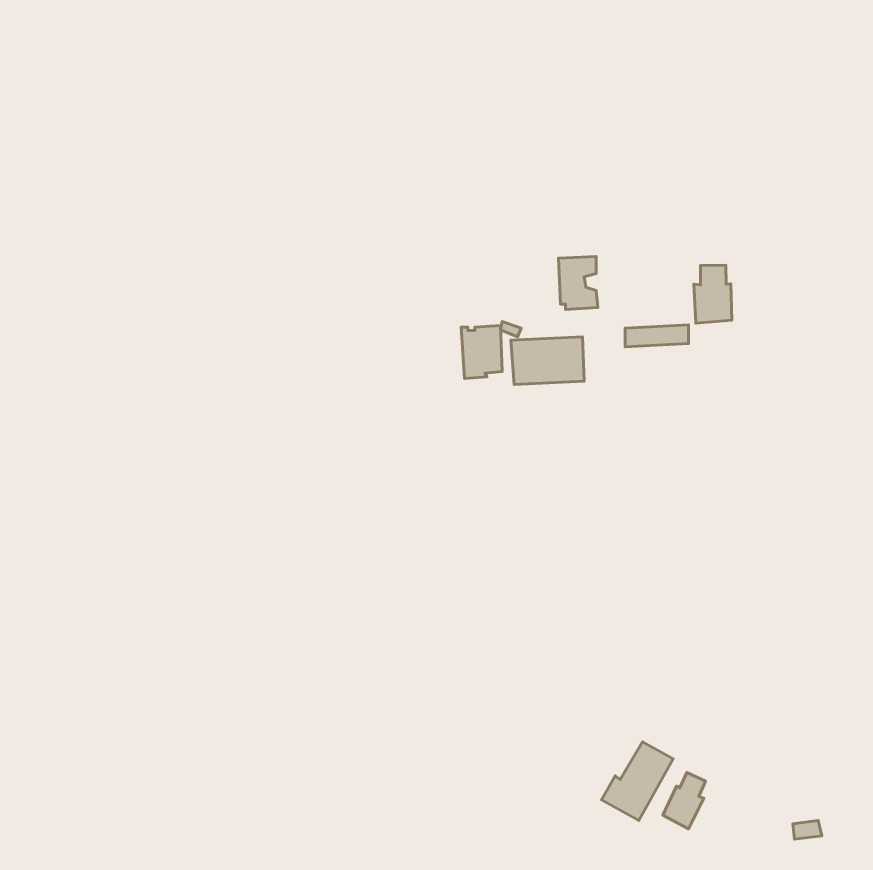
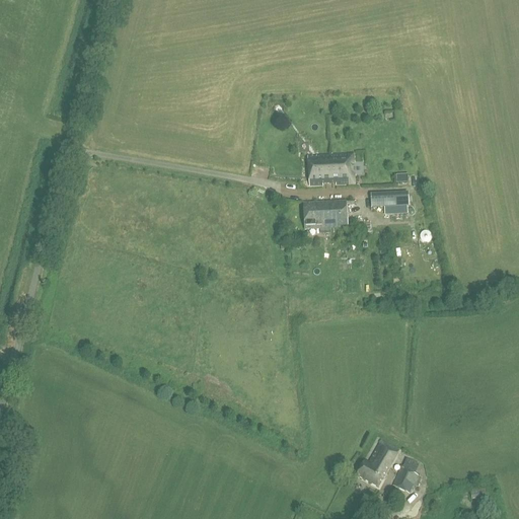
building: [694,265,732,323] -> none
building: [461,325,502,378] -> [308,153,332,184]

